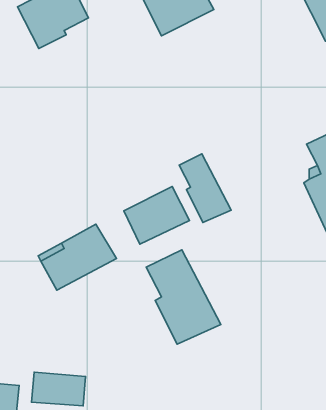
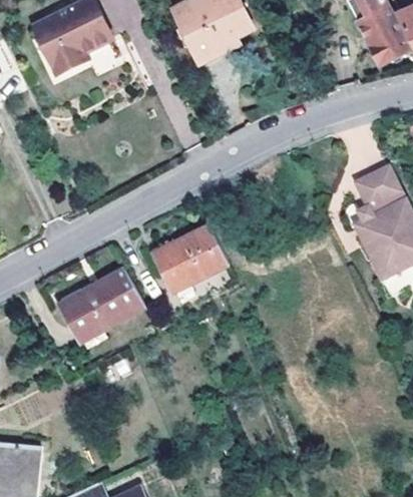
building: [179,154,231,223] -> none
building: [146,250,221,344] -> none
building: [31,372,86,406] -> none

